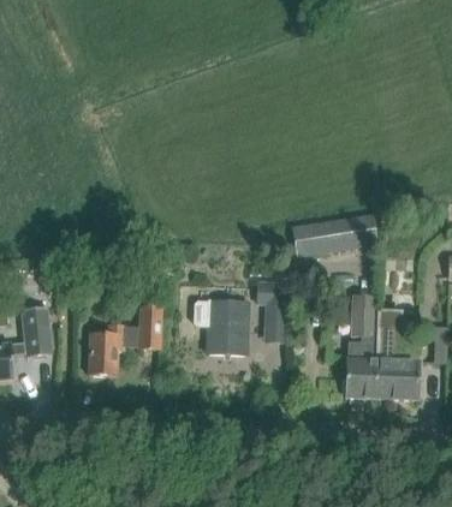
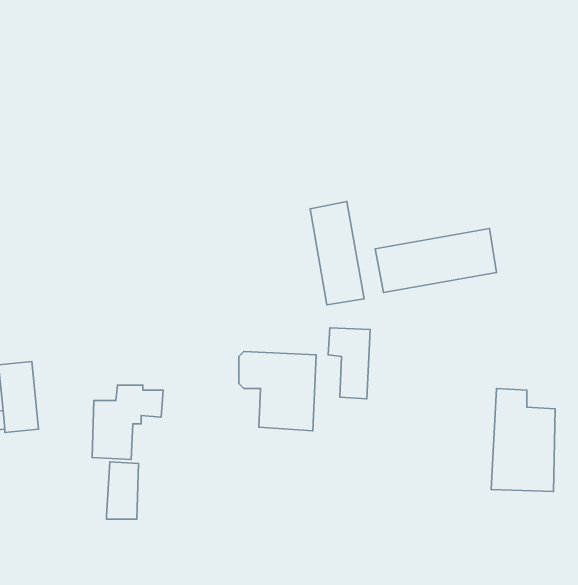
building: none -> [310,202,364,305]
building: [345,296,377,399] -> none
building: [138,309,161,350] -> [106,462,138,519]

